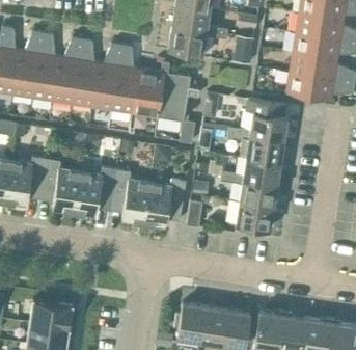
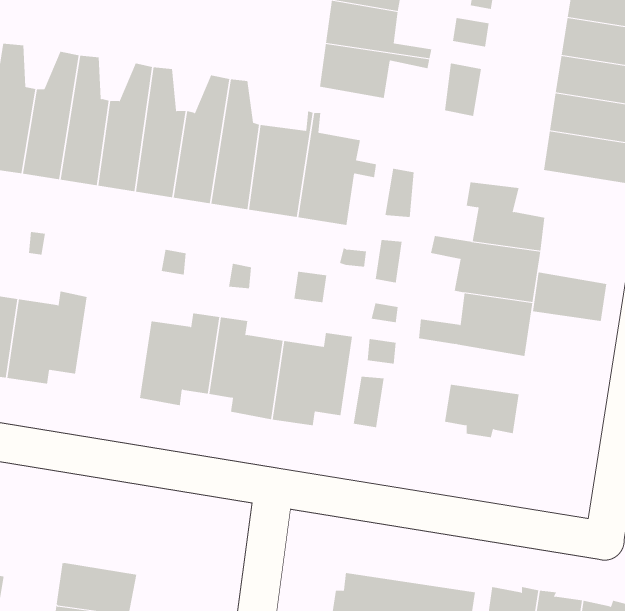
building: [42,160,81,213] -> none
building: [238,185,277,211] -> [532,272,607,321]

